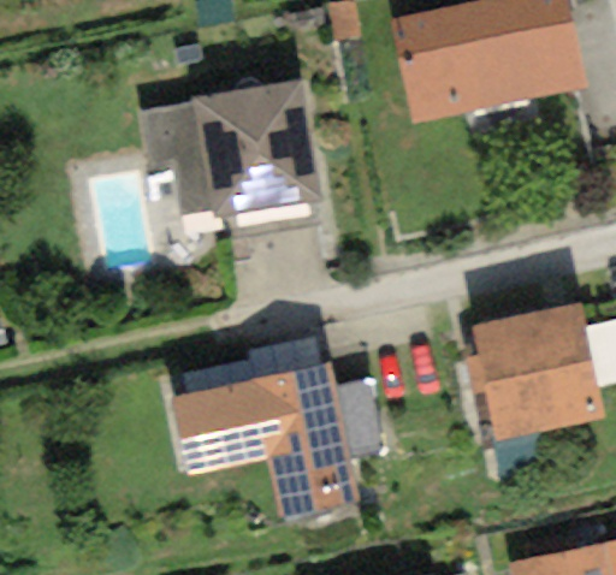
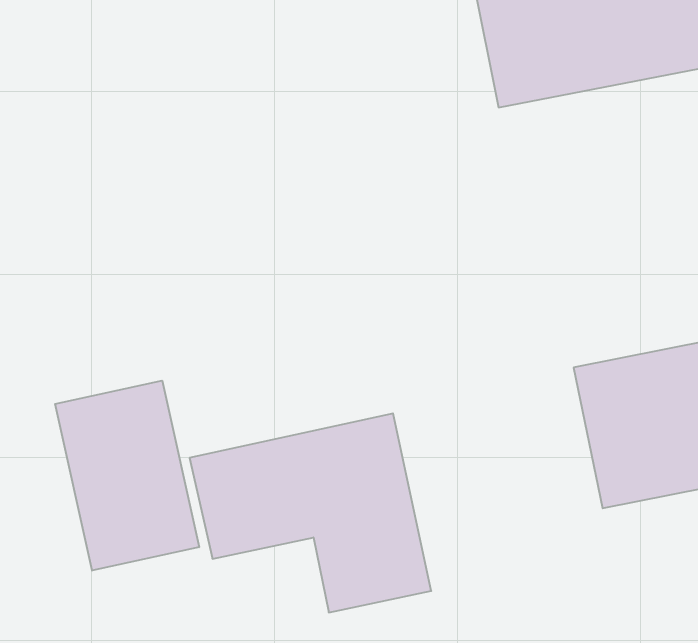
building: [138,78,319,218] -> none
building: none -> [55,381,199,571]

